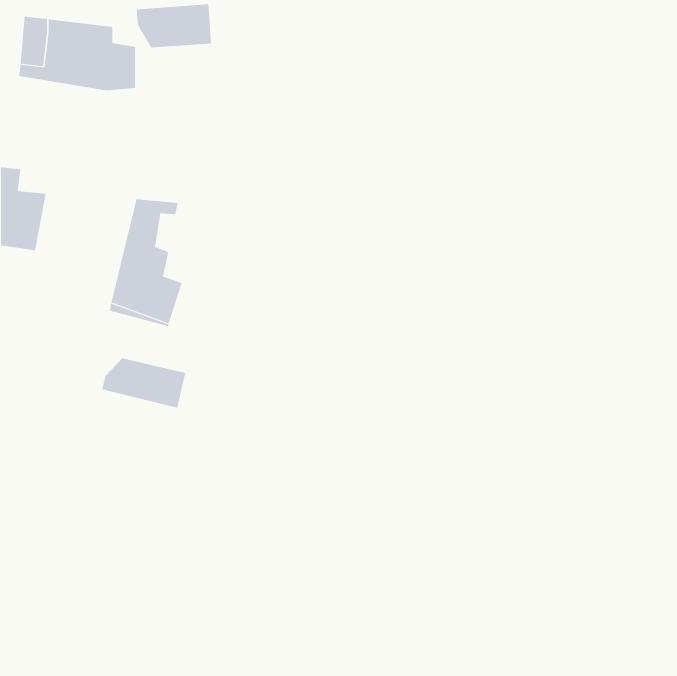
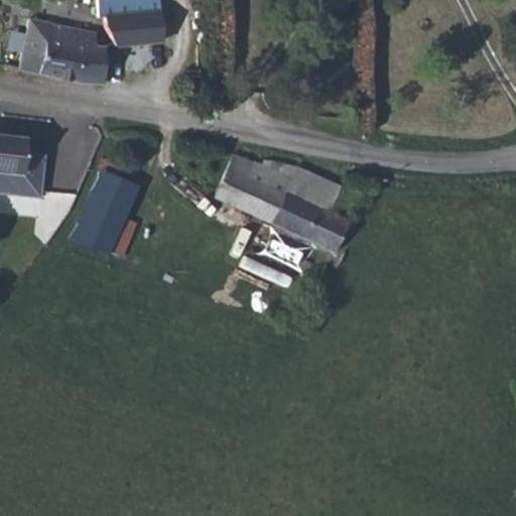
building: none -> [218,163,349,254]
building: [101,357,186,408] -> none

